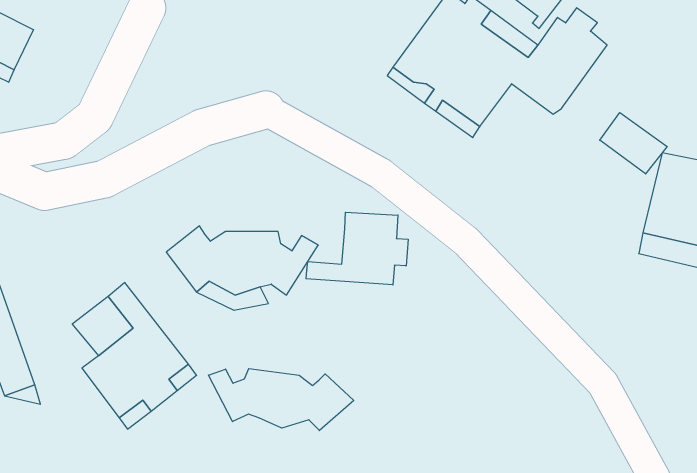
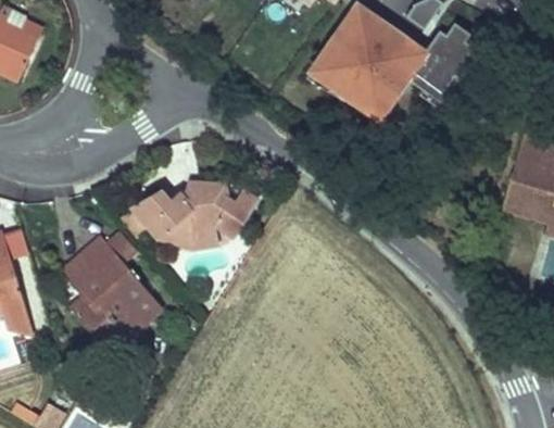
building: [600,113,667,174] -> none
building: [306,212,408,285] -> none
building: [208,369,354,431] -> none

